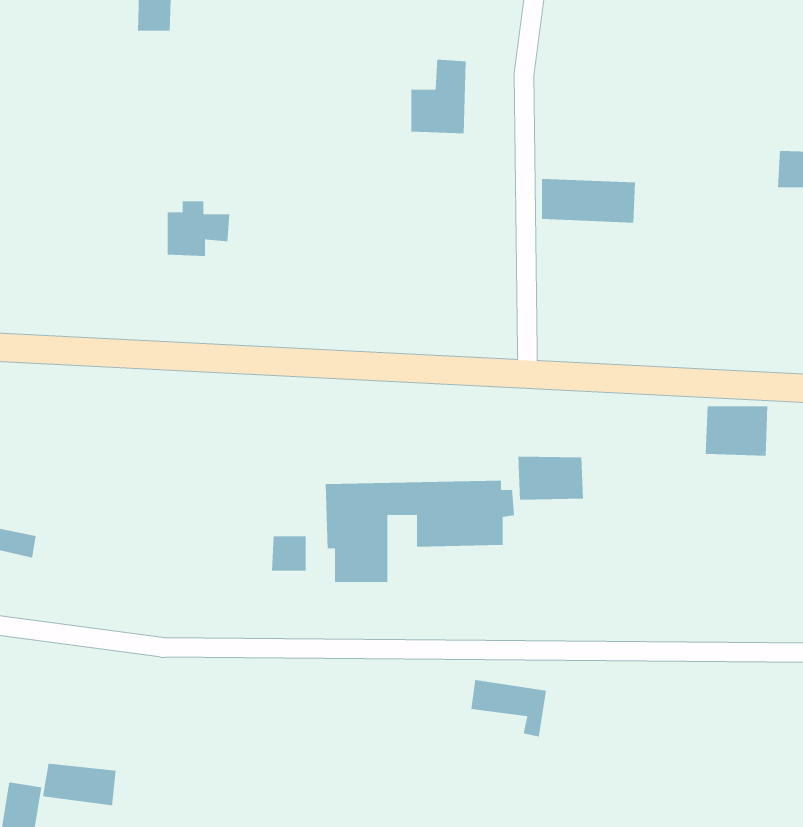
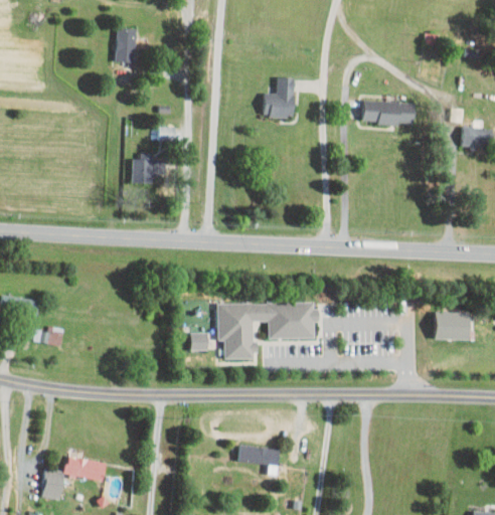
building: [541,178,636,223] -> [364,100,416,124]
building: [705,406,768,456] -> [436,312,470,339]
building: [518,456,583,501] -> none
building: [471,679,547,737] -> [239,445,281,476]

